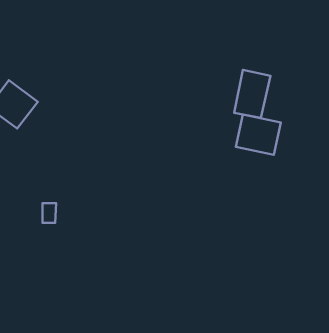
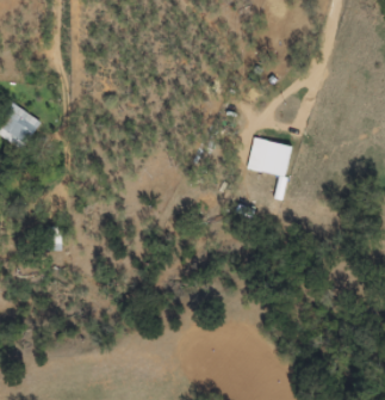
building: [234,70,270,118] -> none

